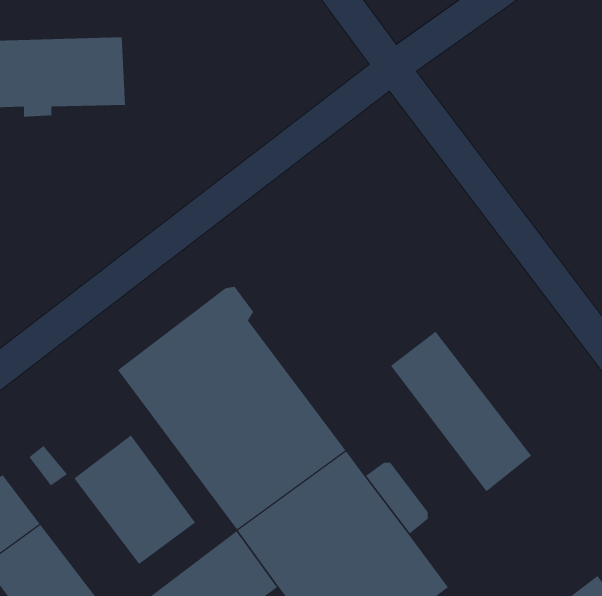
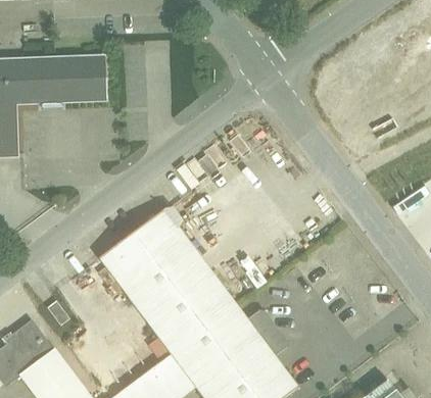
building: [390,331,532,492] -> none
building: [74,435,196,565] -> none

